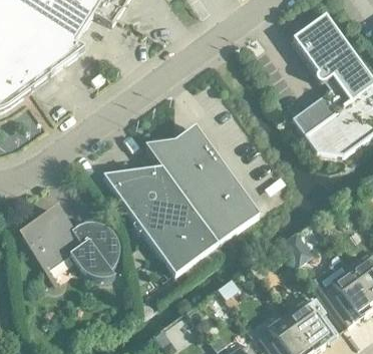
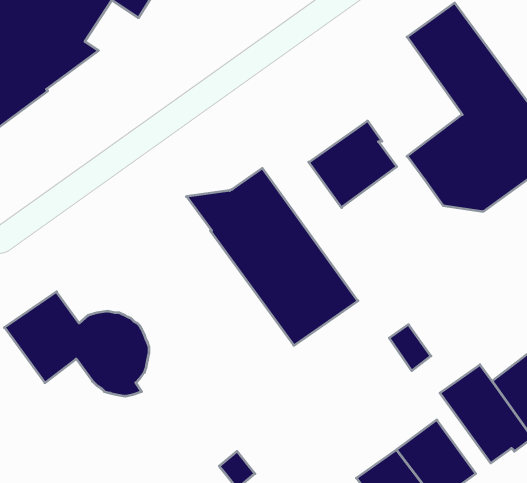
building: none -> [309,121,397,208]
building: [101,161,216,276] -> none

